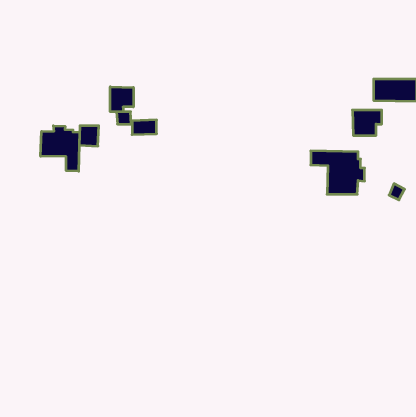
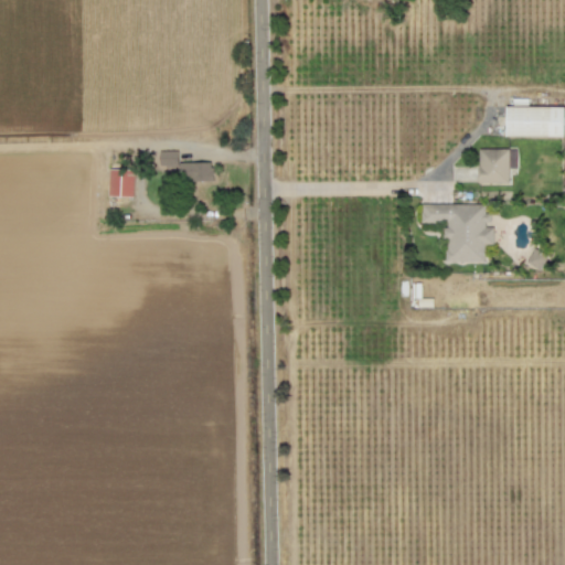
building: [110,87,133,112] -> none
building: [41,126,79,171] -> none

